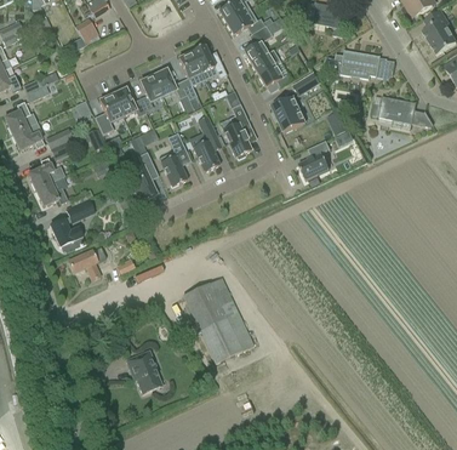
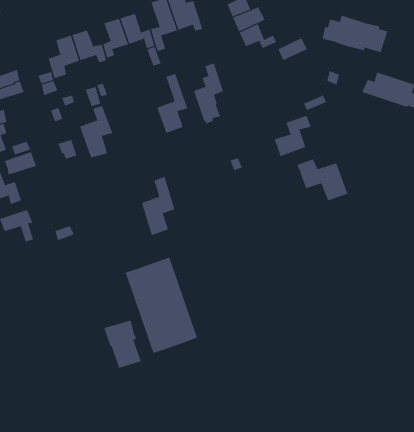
building: [272,96,304,131] -> none
building: [159,132,189,186] -> [141,176,175,236]
building: none -> [297,159,348,201]
building: [125,349,161,393] -> [104,320,142,369]

